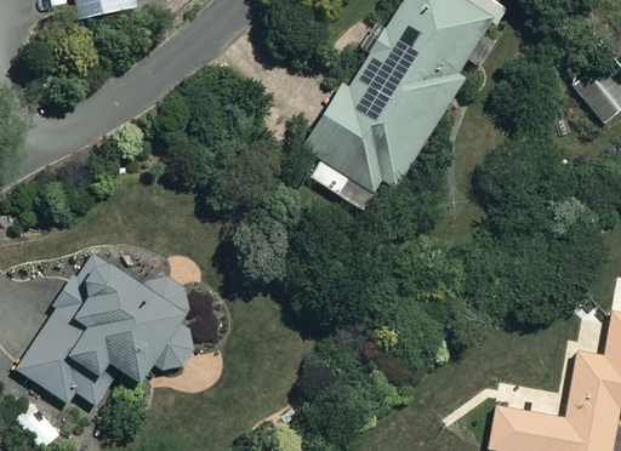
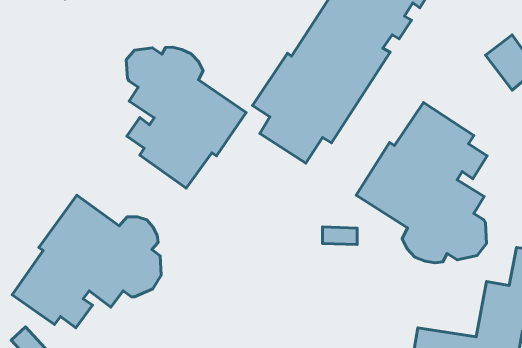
building: none -> [126,47,246,188]
building: none -> [356,102,487,263]

